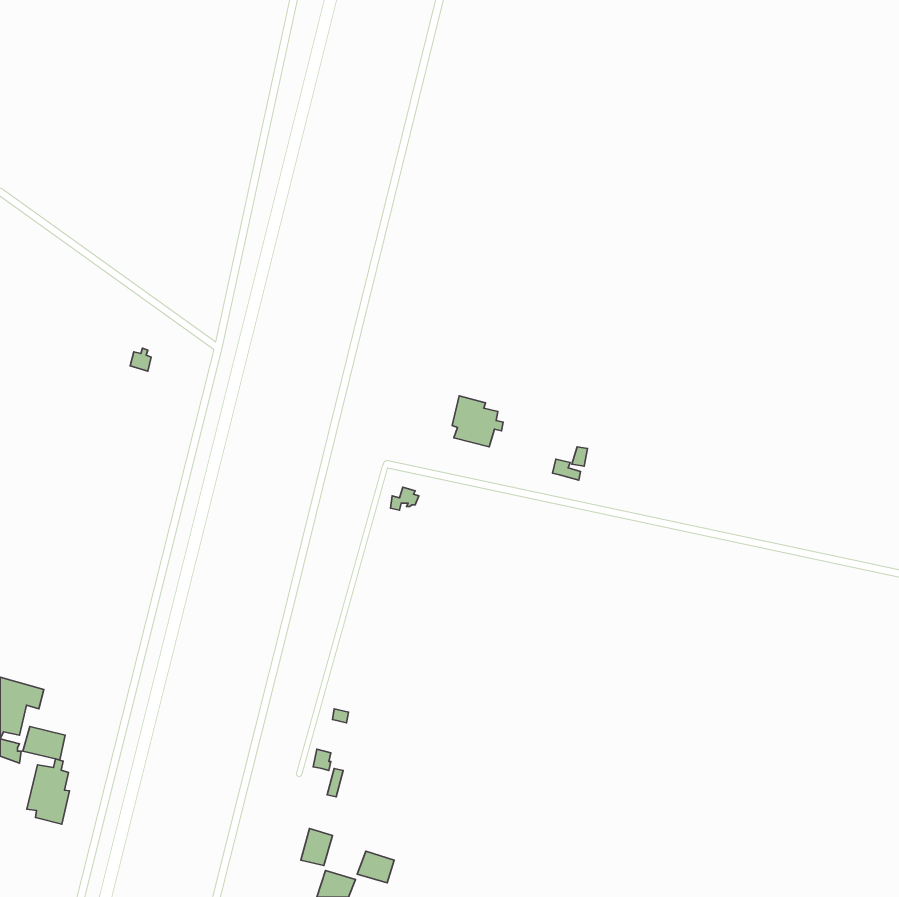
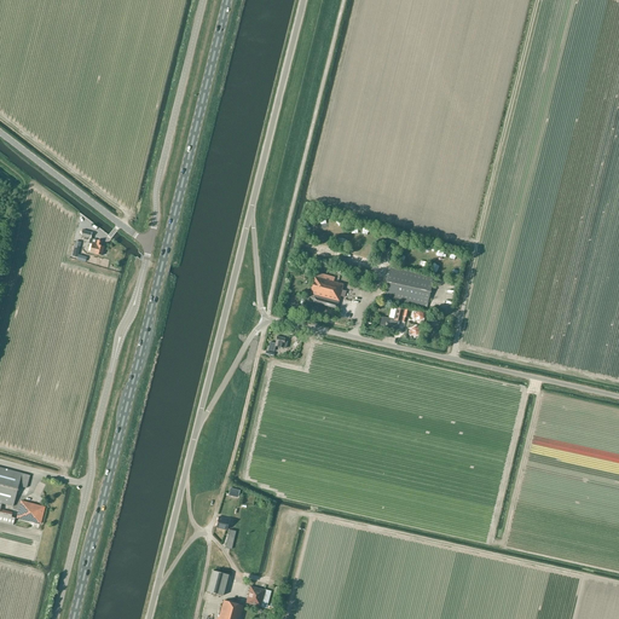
building: none -> [383,266,434,306]
building: [27,759,69,824] -> none

